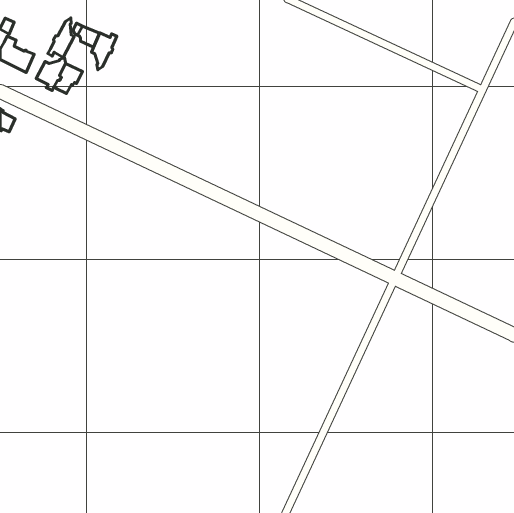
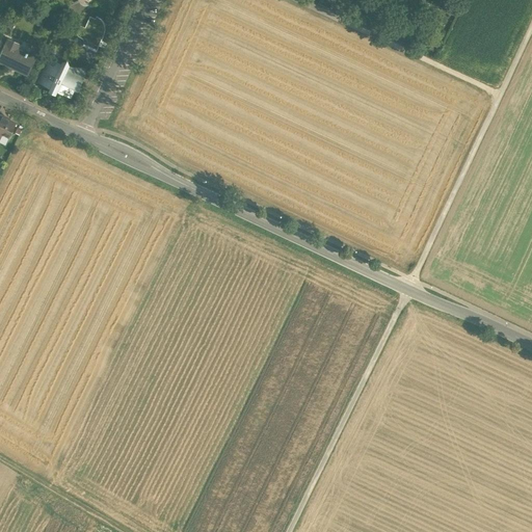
building: [48,18,74,57] -> none
building: [91,33,117,70] -> none

